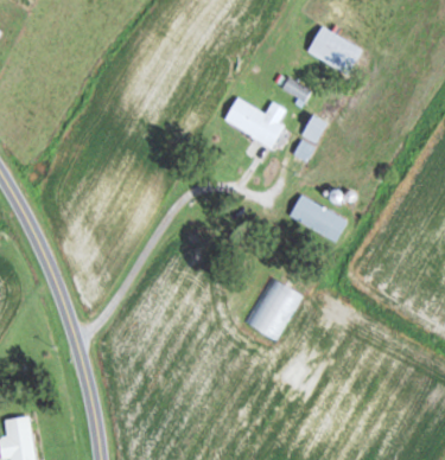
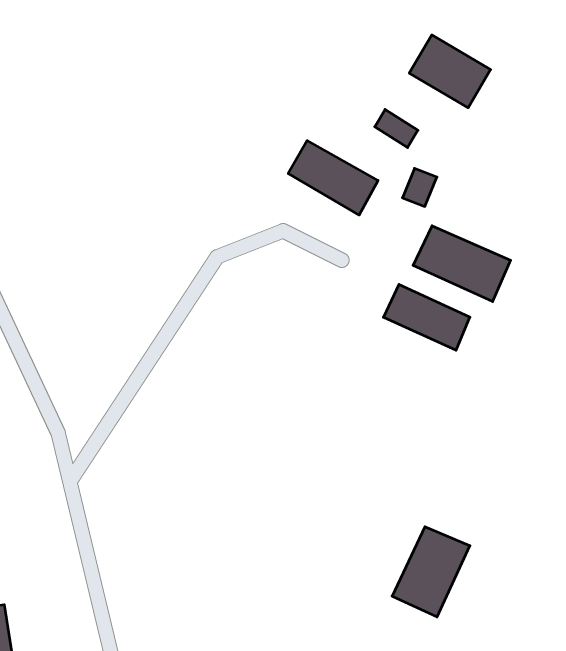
building: none -> [413,226,511,302]
building: [247,277,300,339] -> [392,527,470,617]

